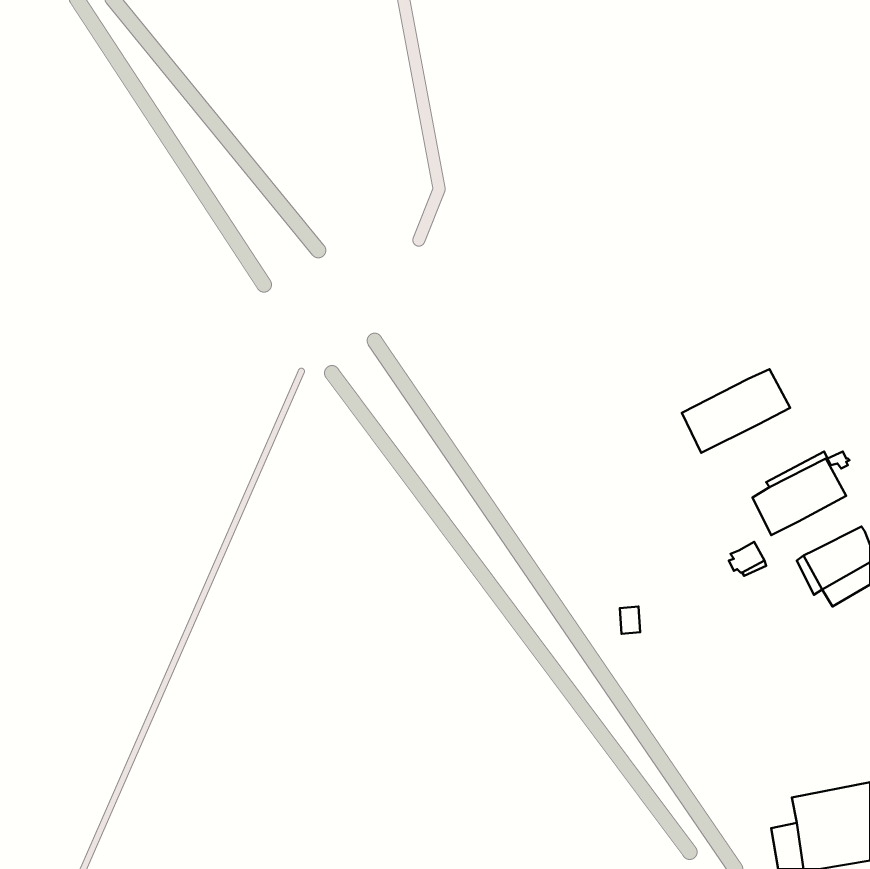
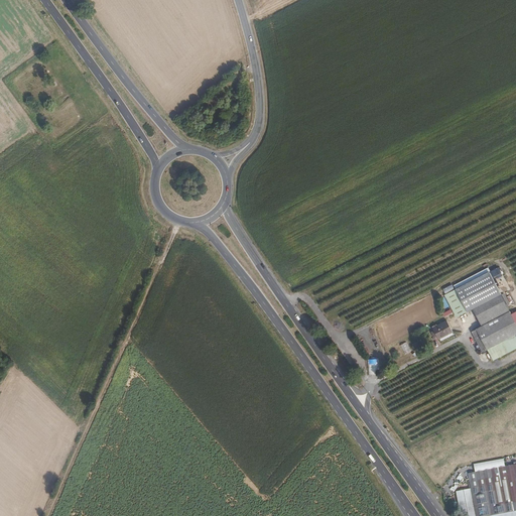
building: [682,369,790,453] -> none
building: none -> [473,293,510,326]

